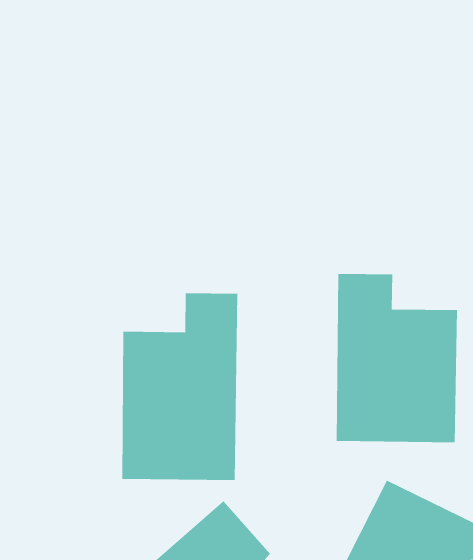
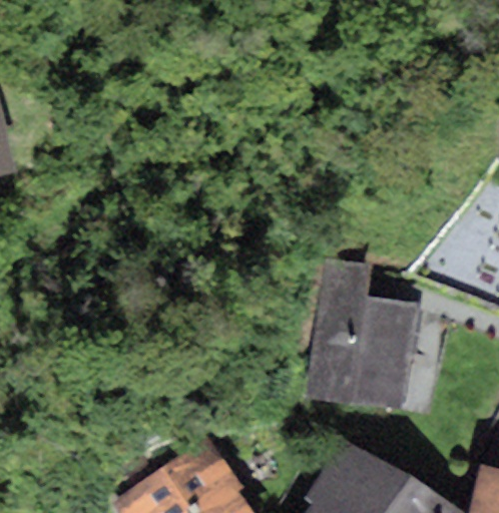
building: [122,293,238,481] -> none

